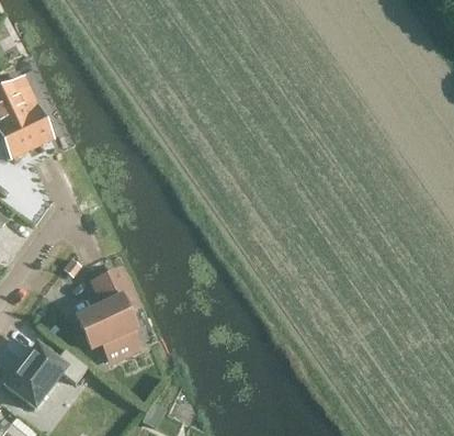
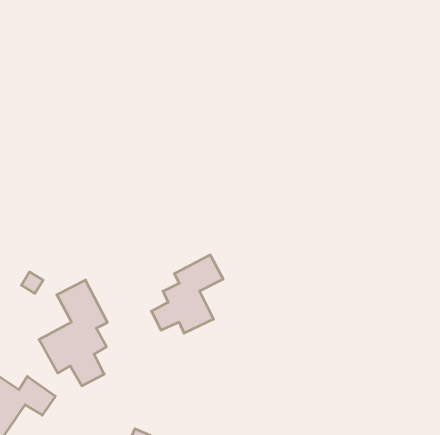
building: none -> [151,255,223,333]

